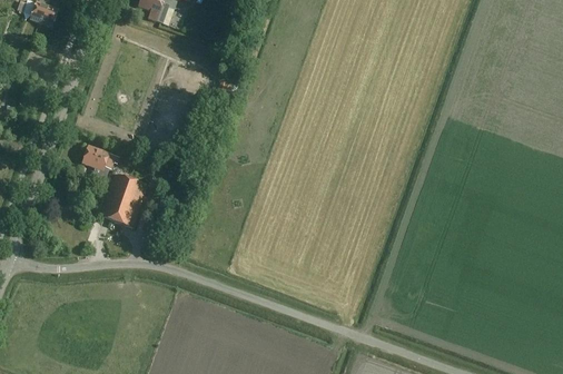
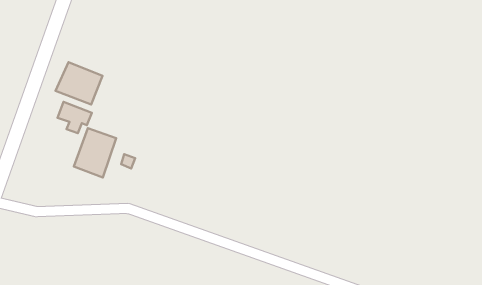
building: none -> [56,62,102,105]

